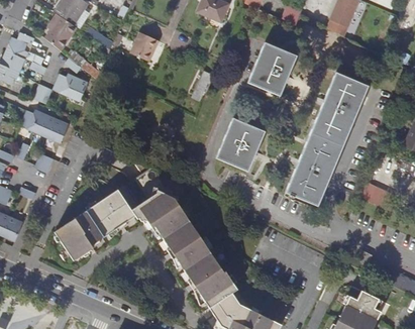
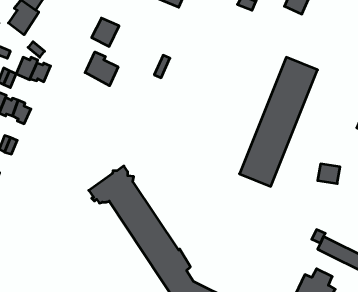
building: [246,43,293,96] -> none
building: none -> [85,52,118,86]
building: [214,118,263,172] -> none
building: [53,190,133,259] -> none

